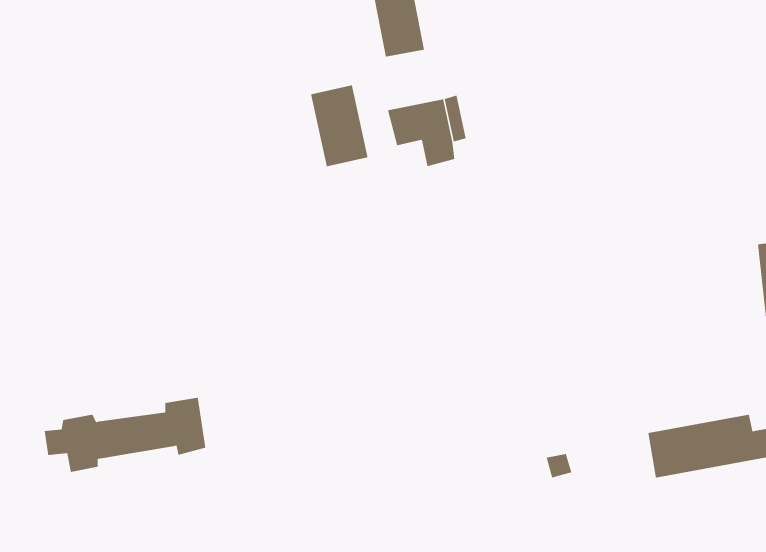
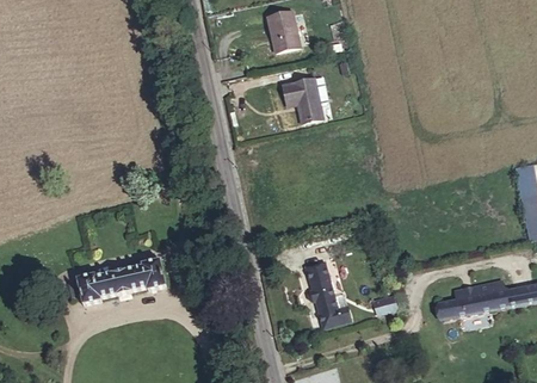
building: [311,85,368,167] -> none
building: none -> [310,270,354,332]

